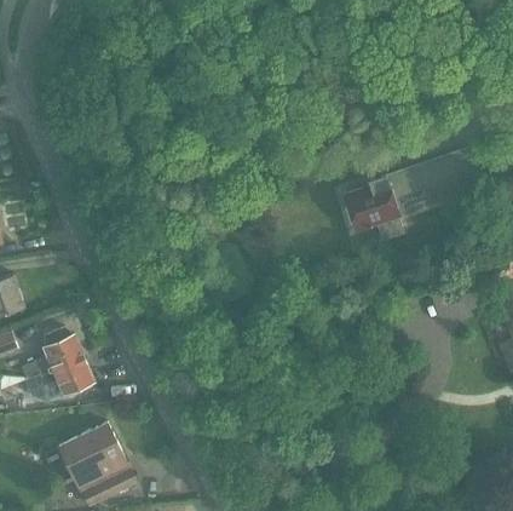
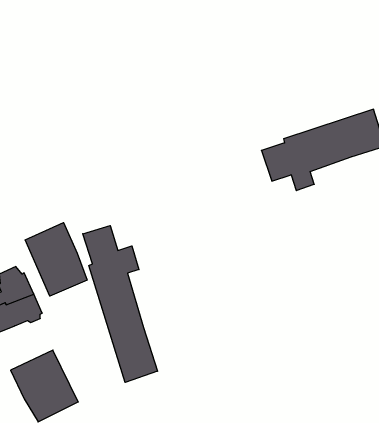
building: none -> [25,223,87,296]
building: none -> [83,226,158,382]

